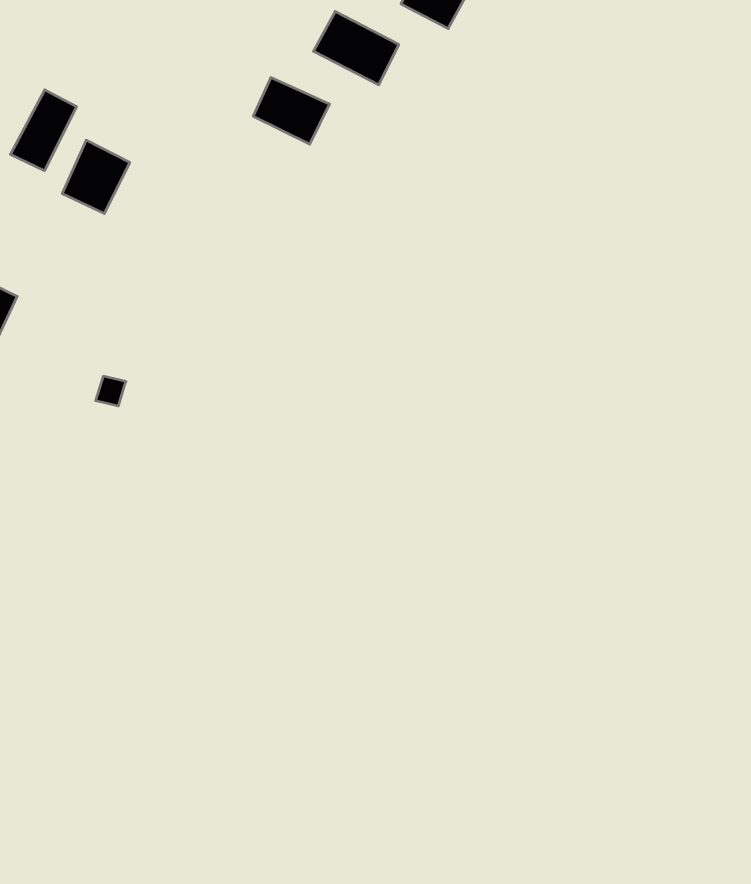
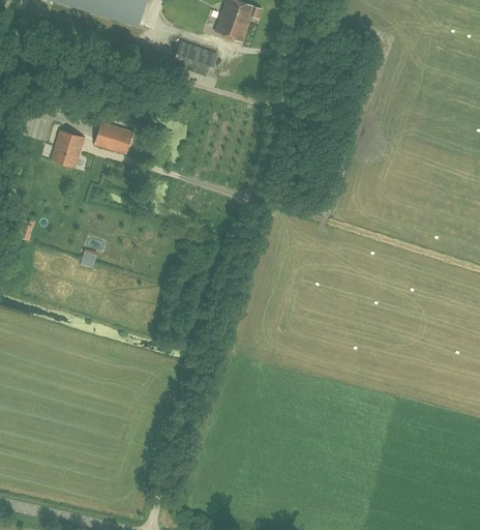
building: [253,78,330,144] -> [93,120,132,152]
building: [10,90,76,171] -> none

